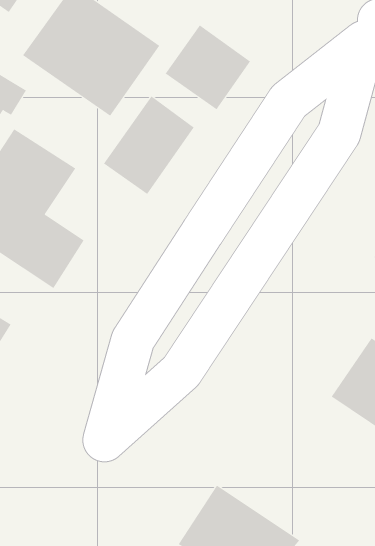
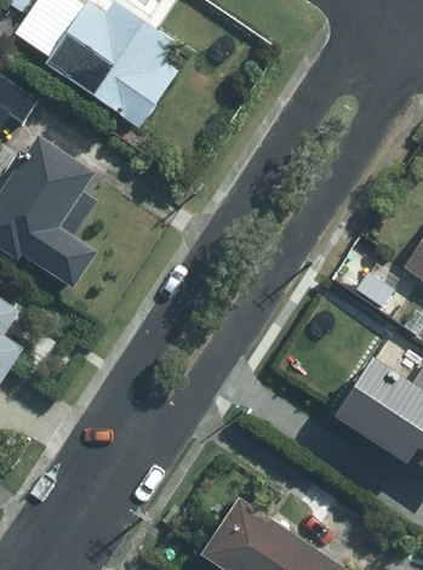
building: [165,25,251,110] -> none
building: [103,95,195,195] -> none

